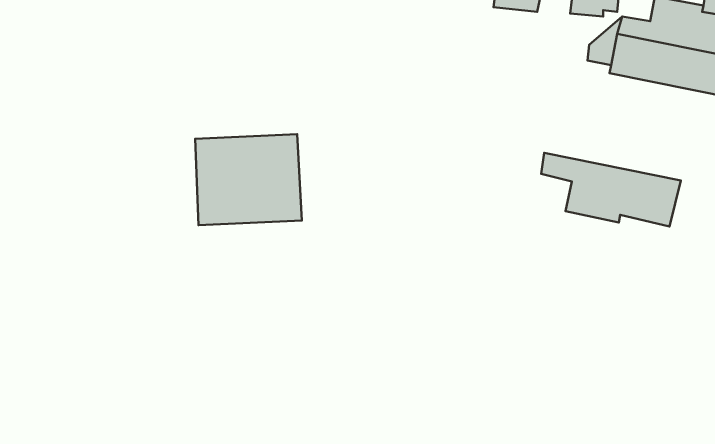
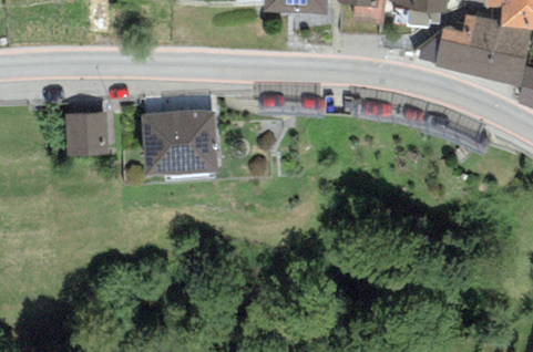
building: none -> [65,112,110,155]
building: [541,153,681,226] -> none

